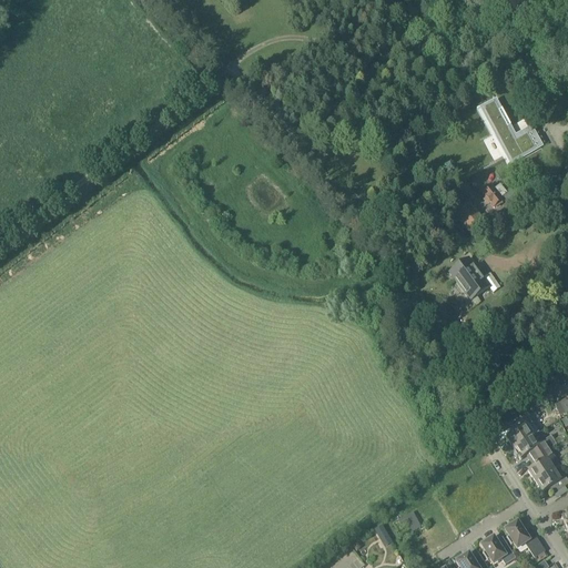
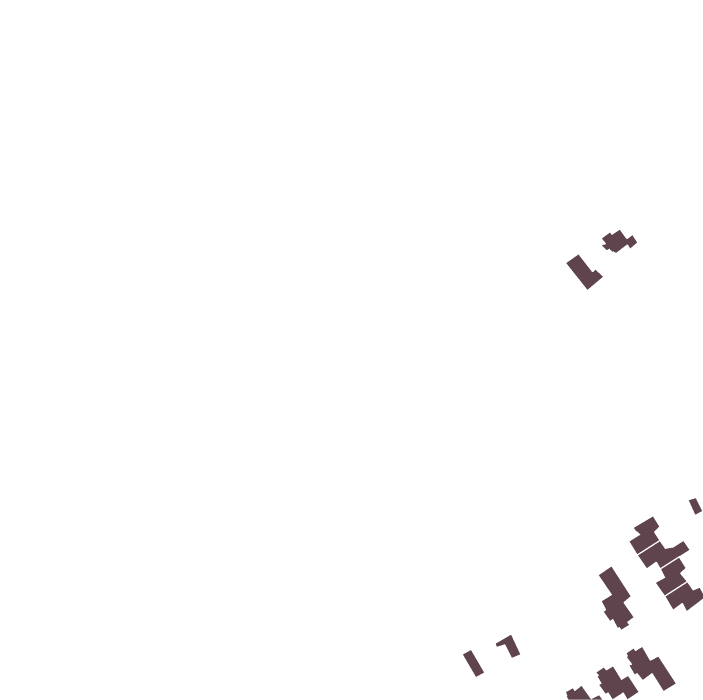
building: [484,98,536,158] -> none
building: [450,257,489,298] -> none
building: none -> [598,565,635,631]

